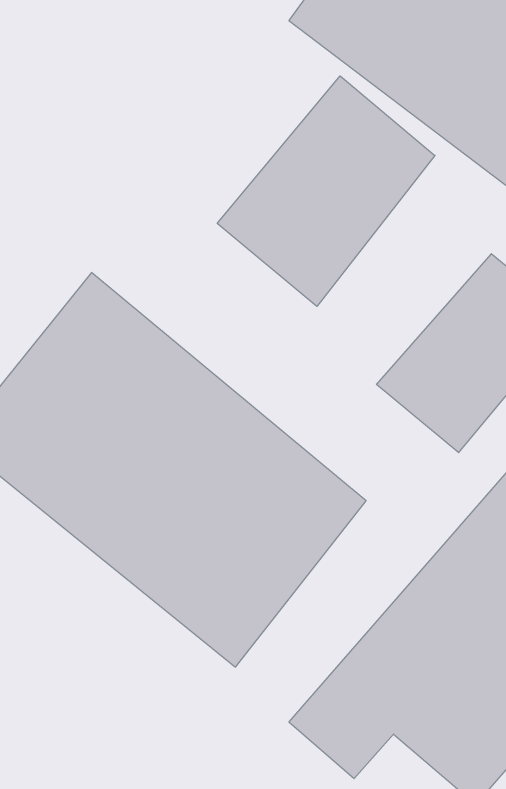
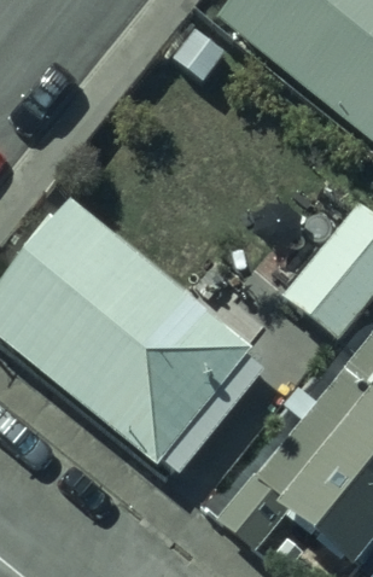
building: [217,76,435,306] -> none

